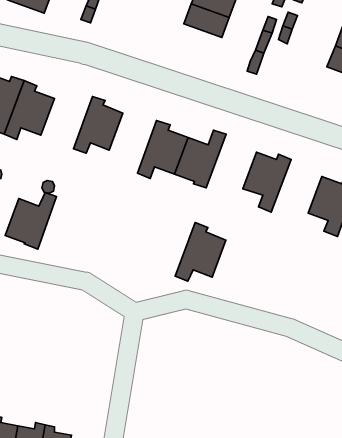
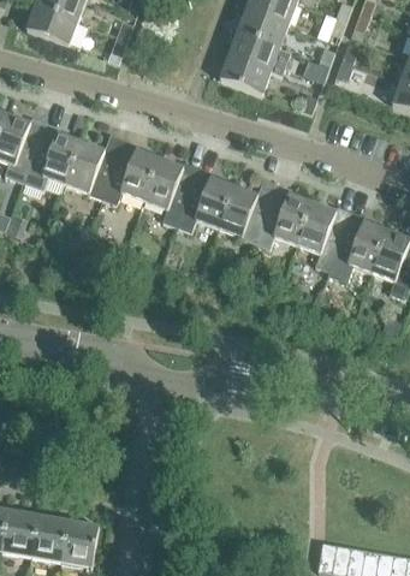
building: none -> [220,55,272,95]
building: none -> [143,158,197,226]
building: none -> [328,210,386,275]
building: [5,192,57,249] -> [65,133,124,198]
building: [175,222,226,281] -> [254,182,311,249]

